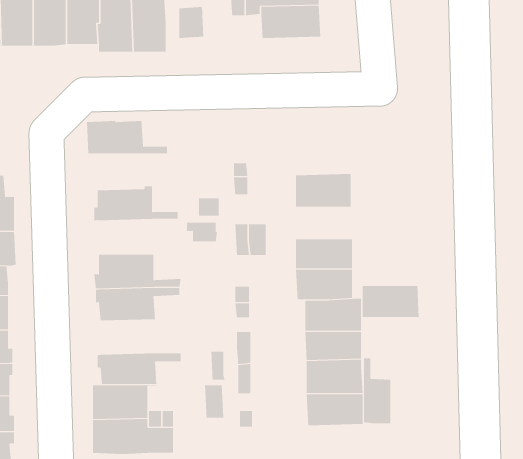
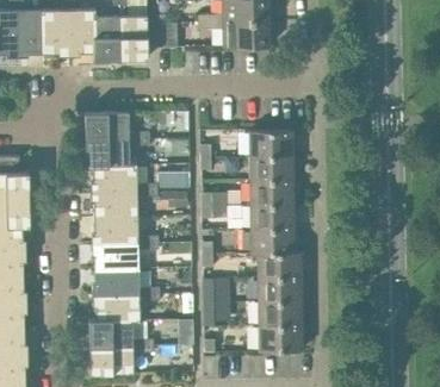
building: none -> [248,132,293,156]
building: none -> [86,139,150,168]
building: none -> [91,191,157,218]
building: [362,286,420,317] -> [249,181,295,206]
building: none -> [93,269,160,297]
building: [363,357,391,424] -> none

